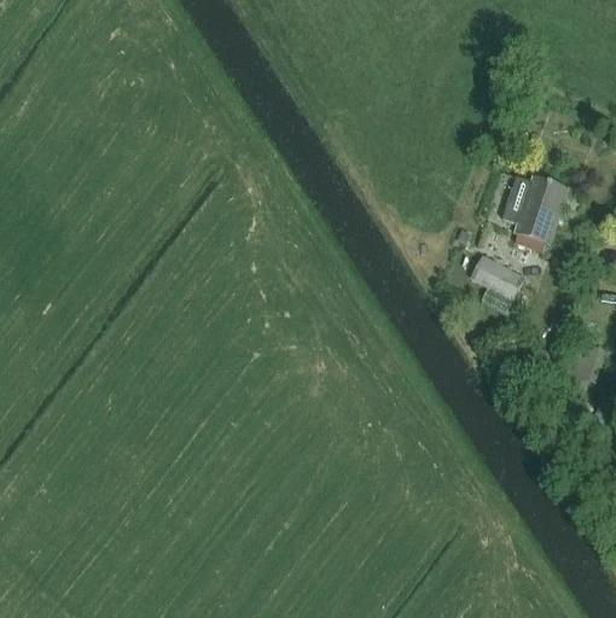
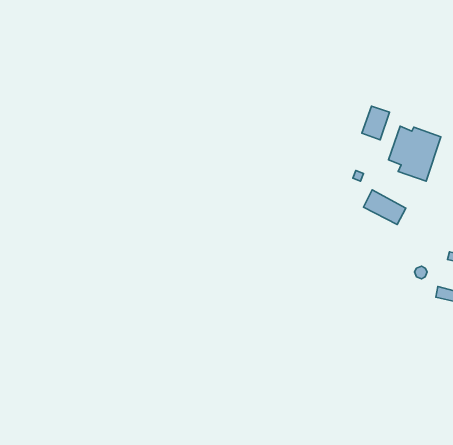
building: none -> [362,106,389,140]

